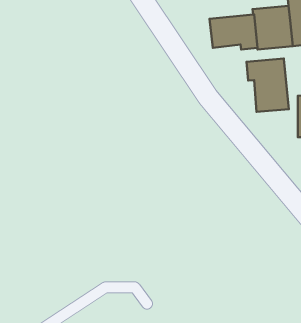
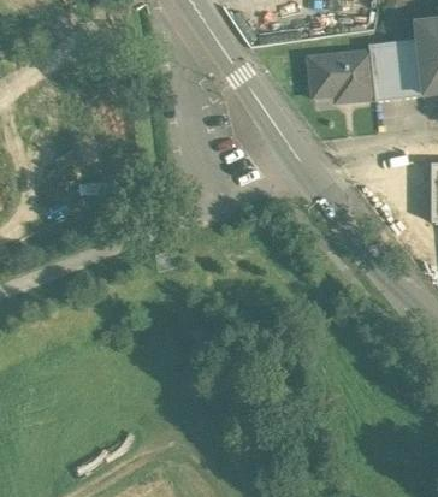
building: [247,58,289,112] -> none

